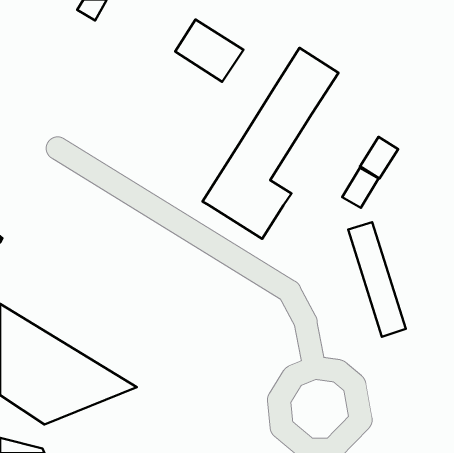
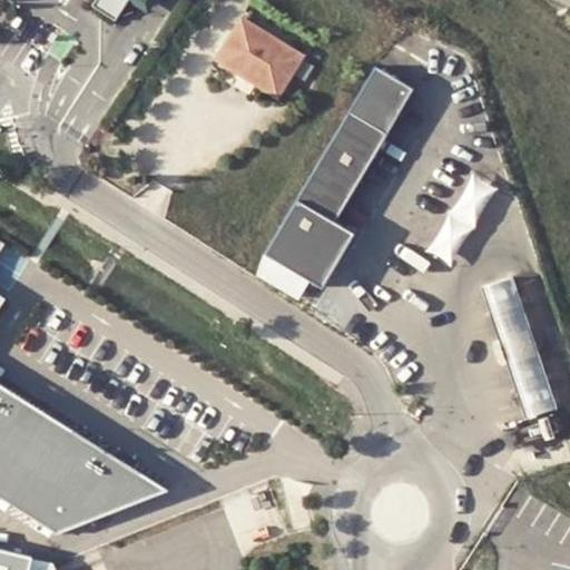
building: [348,222,406,337] -> [483,282,556,425]

